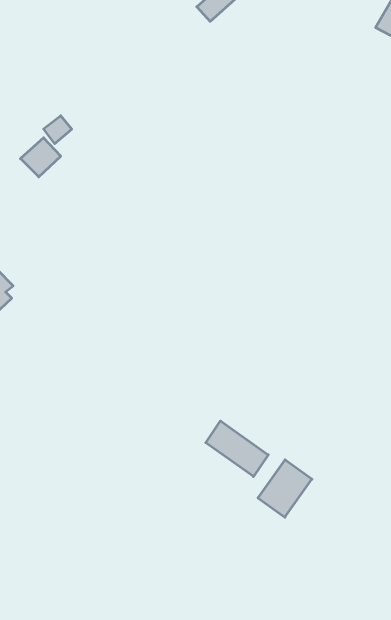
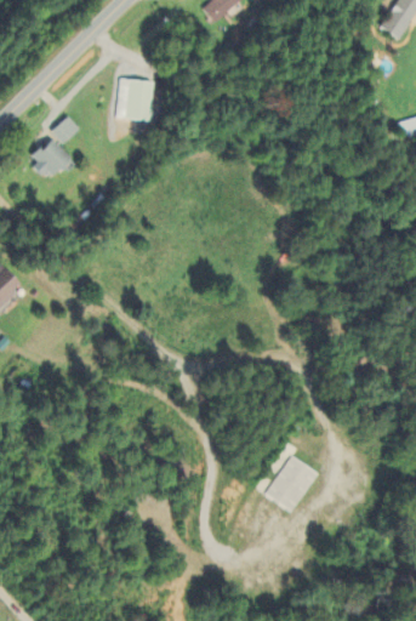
building: none -> [119,79,152,119]
building: [206,421,268,477] -> none

